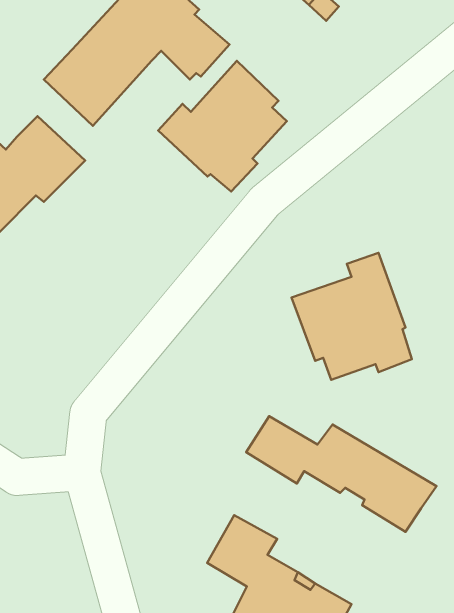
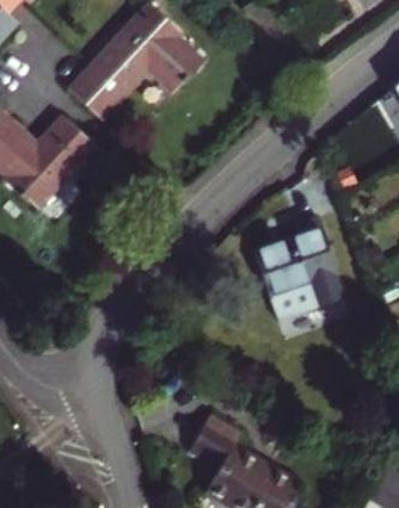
building: [158,61,287,191] -> none
building: [246,416,436,532] -> none

